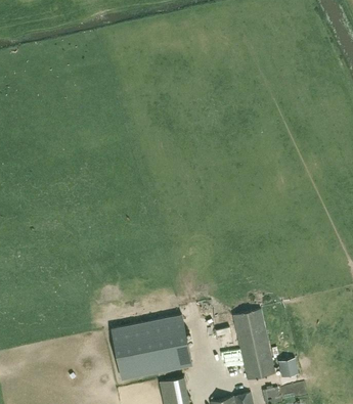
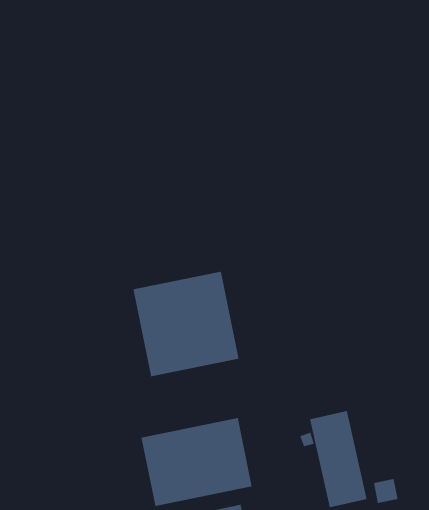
building: none -> [133,271,239,377]

